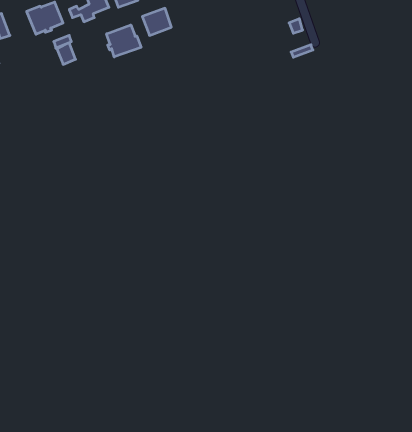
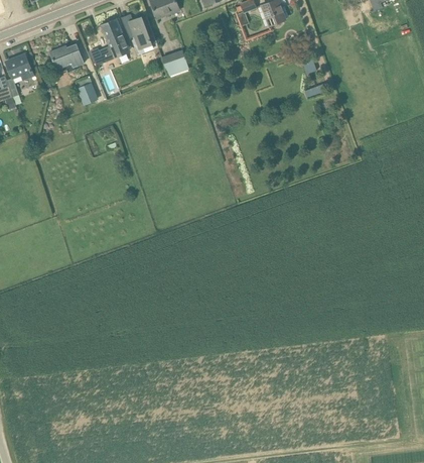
building: [107,25,141,57] -> none

